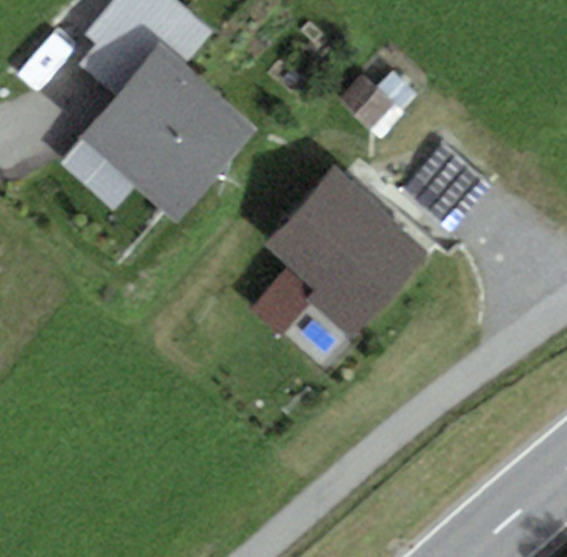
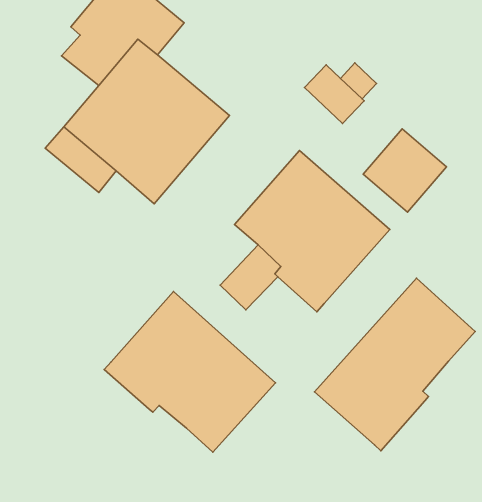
building: none -> [315,278,475,451]
building: none -> [104,291,275,452]

